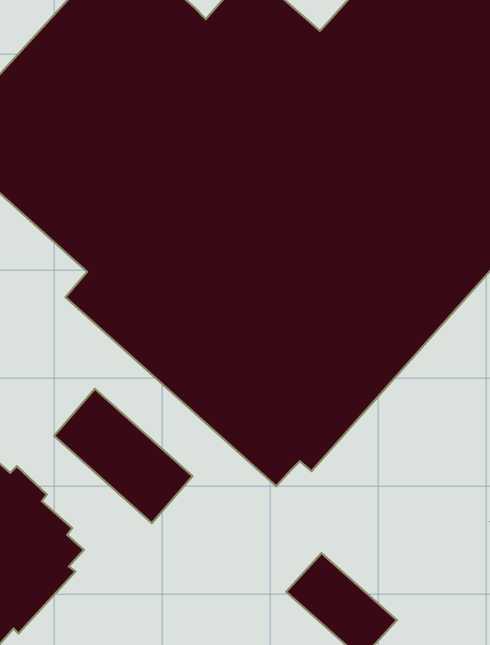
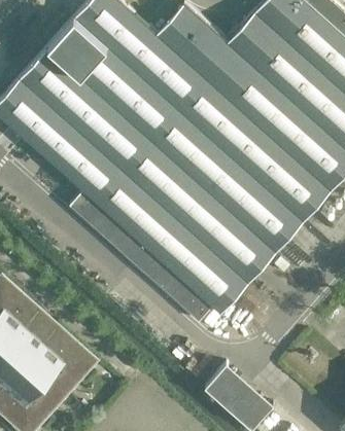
building: [54,389,193,523] -> none

